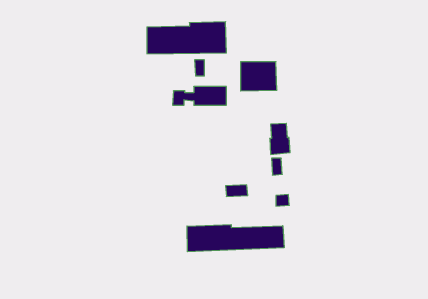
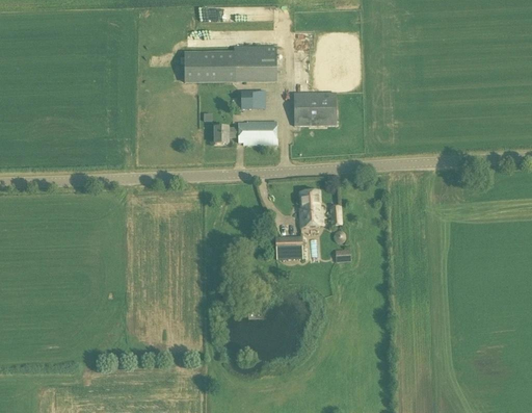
building: [270,123,290,154] -> [299,190,323,227]
building: [187,225,284,252] -> none

